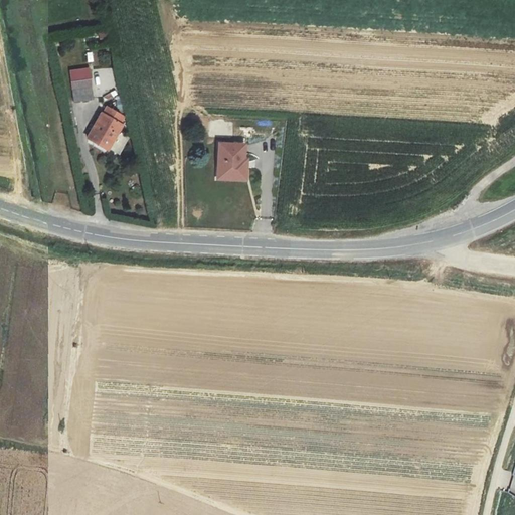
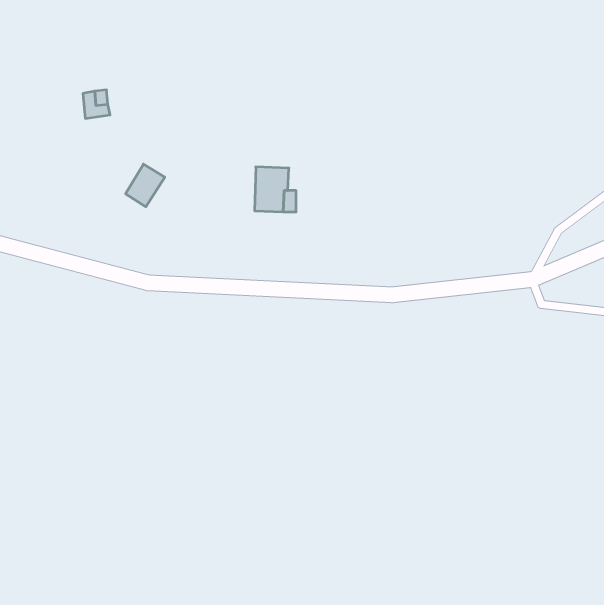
building: [88,112,121,148] -> [126,164,165,207]

